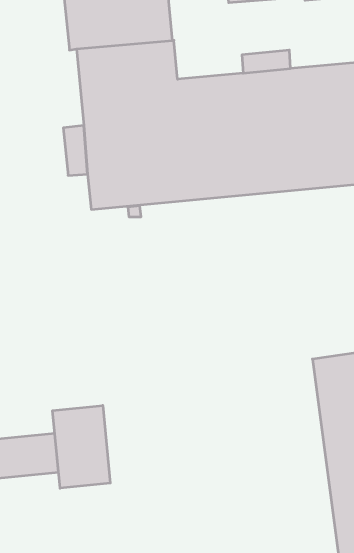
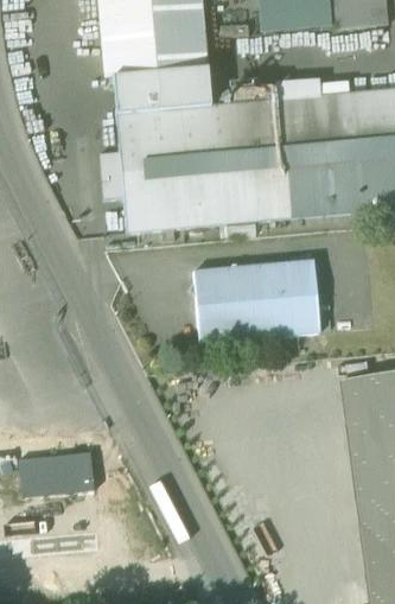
building: none -> [187,259,319,343]
building: [53,405,110,488] -> none

